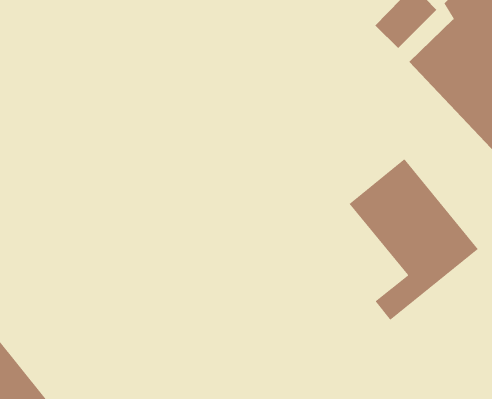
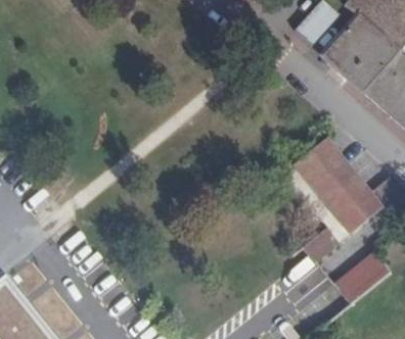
building: none -> [333,255,388,306]

